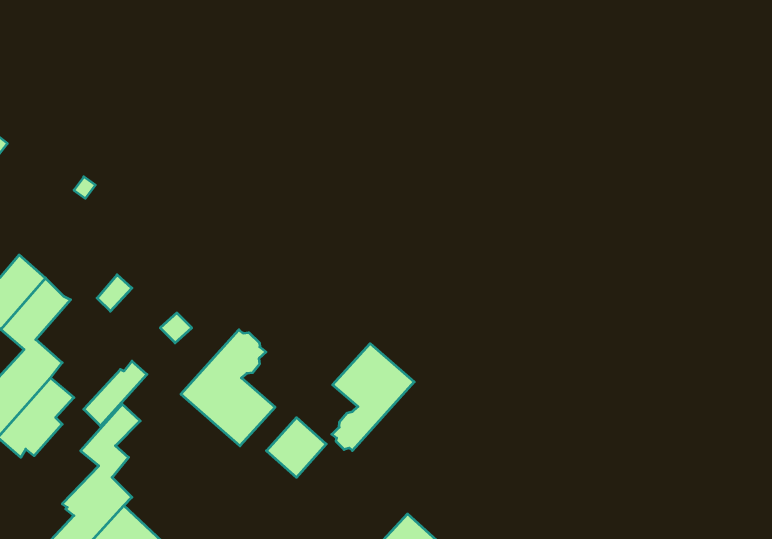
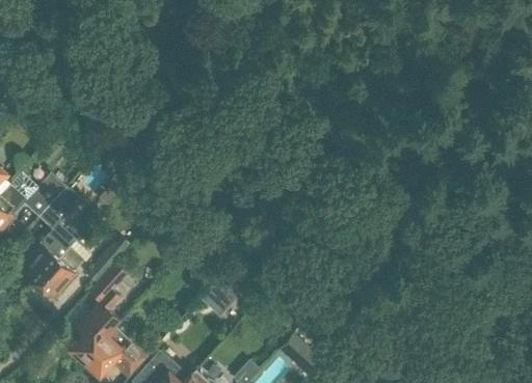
building: [181,330,275,446] -> none
building: [332,344,414,451] -> none

